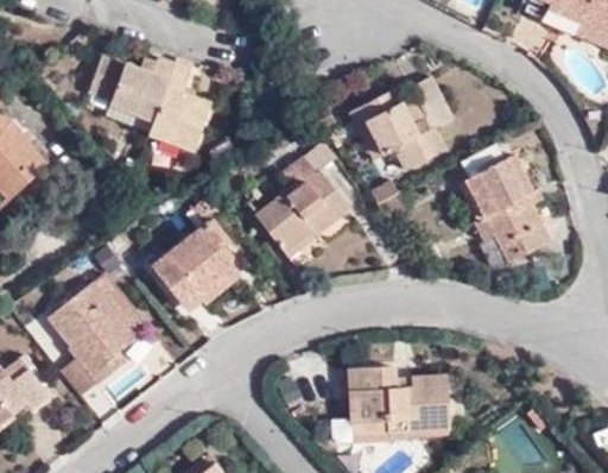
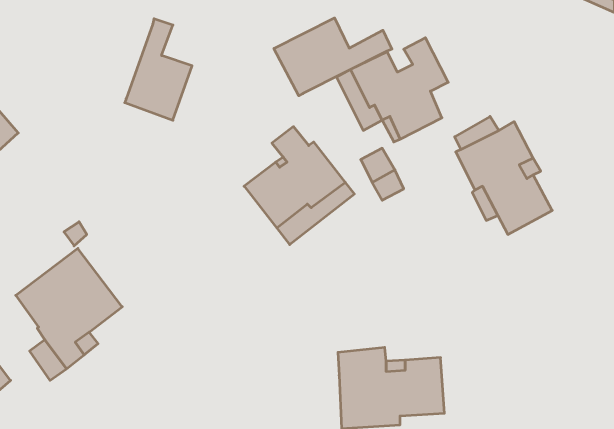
building: [89,55,175,132] -> none
building: none -> [274,18,392,96]
building: [153,217,245,310] -> none

